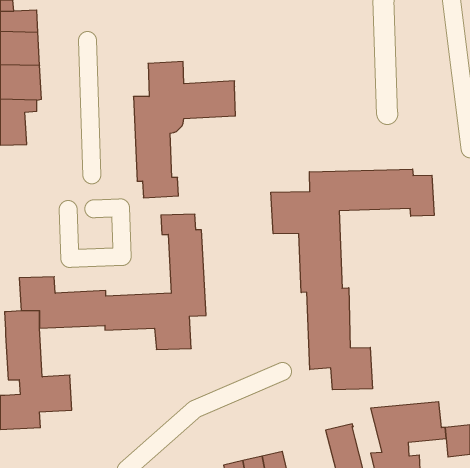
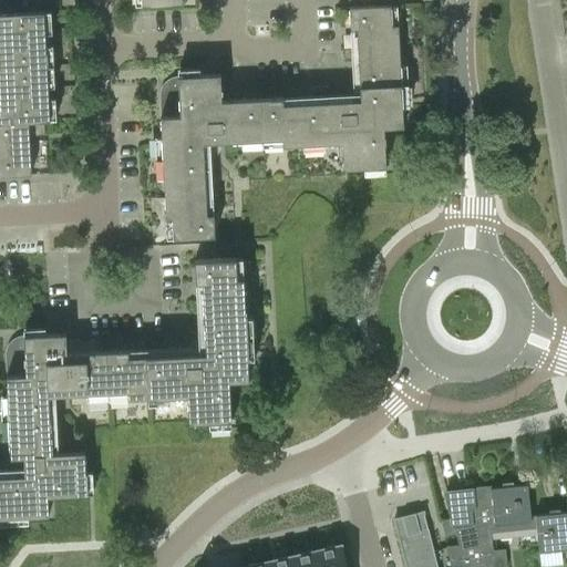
building: none -> [282,7,404,172]
building: [271,169,434,390] -> none

